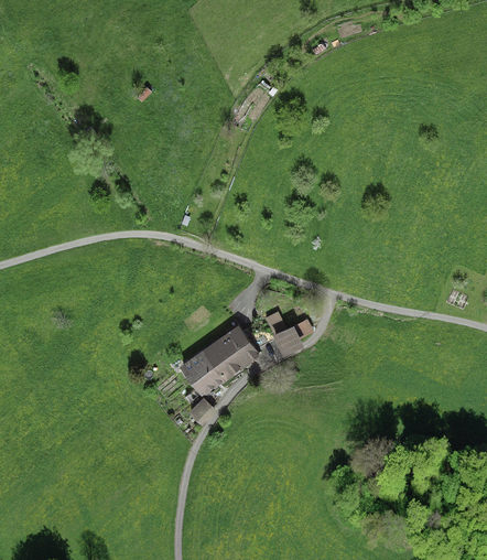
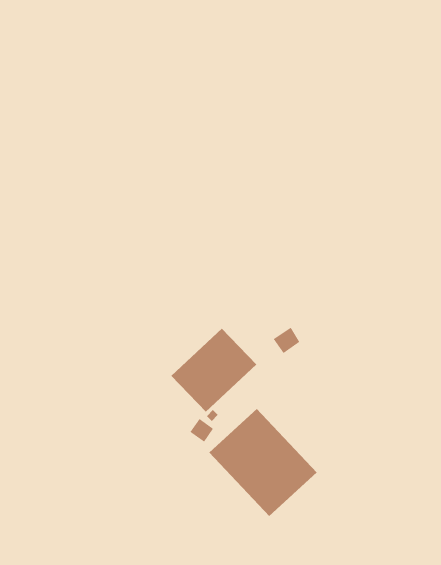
building: none -> [208,408,317,517]

